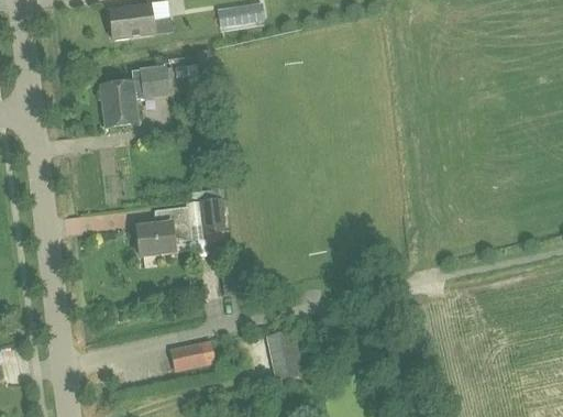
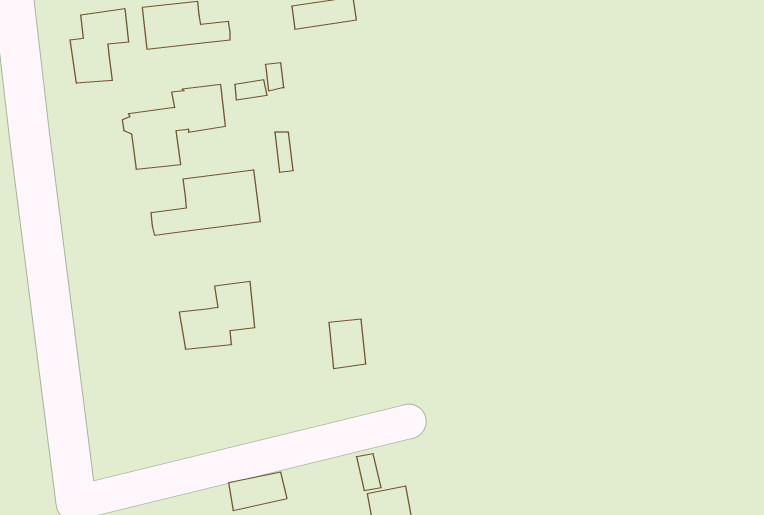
building: none -> [70,9,129,83]
building: none -> [151,170,260,235]
building: [199,198,225,233] -> [329,319,366,369]

